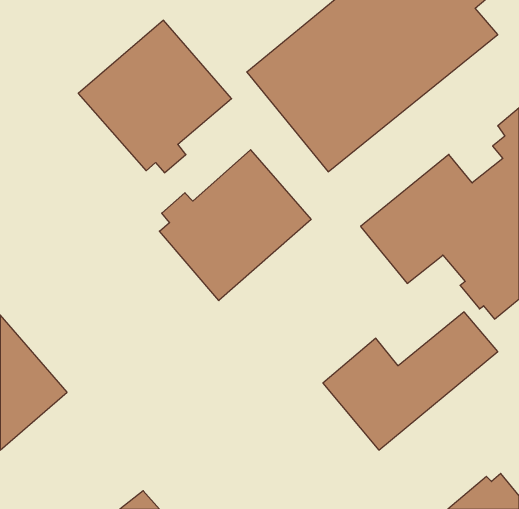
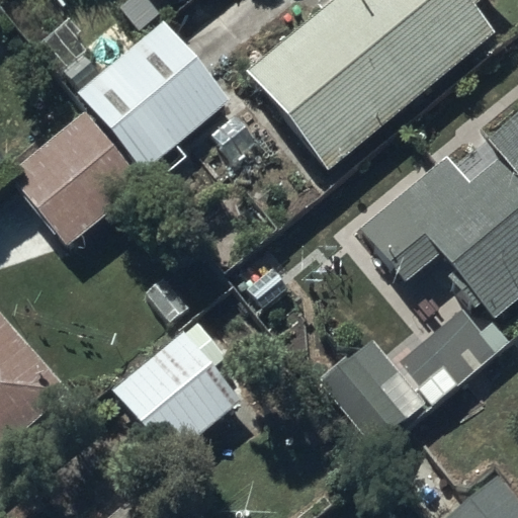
building: none -> [12,111,141,240]
building: [159,150,311,301] -> none
building: none -> [115,330,245,458]

